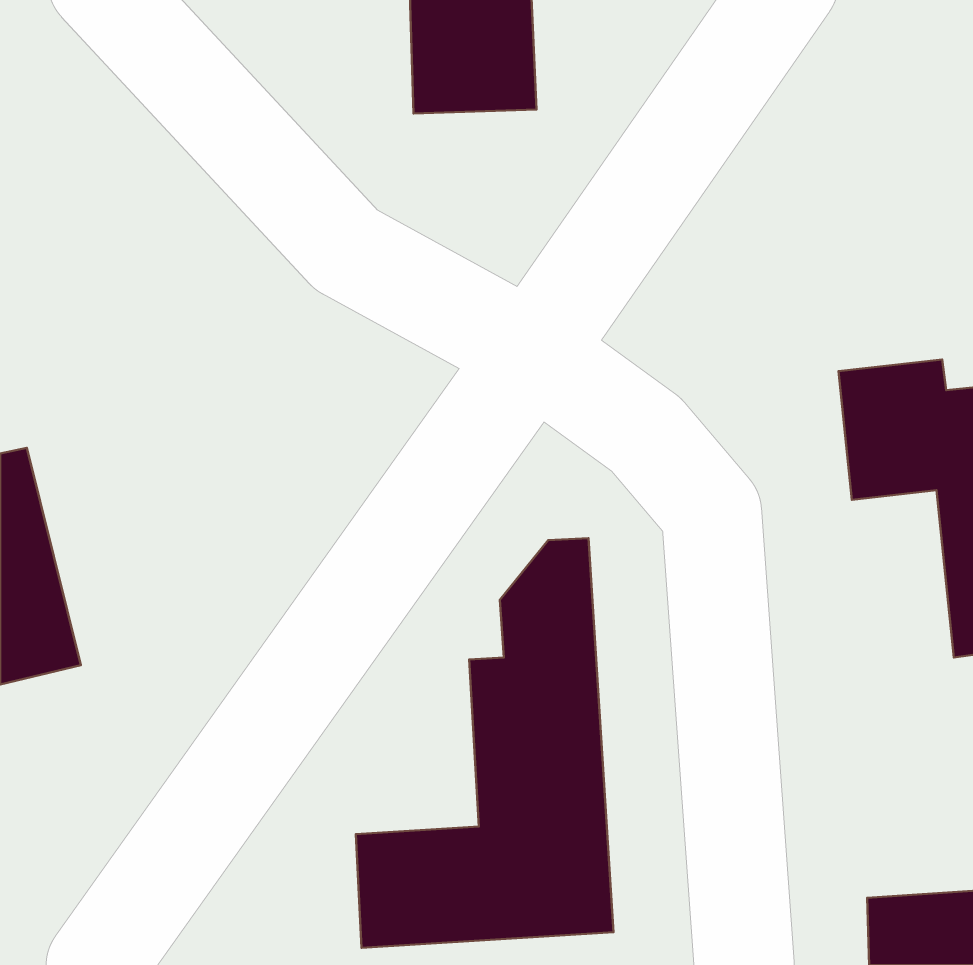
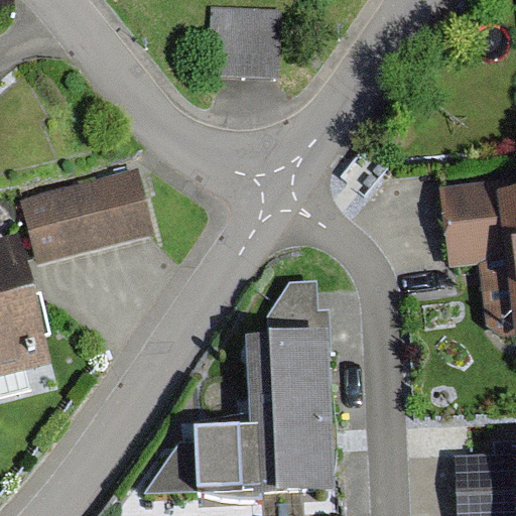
building: none -> [26,176,140,254]

